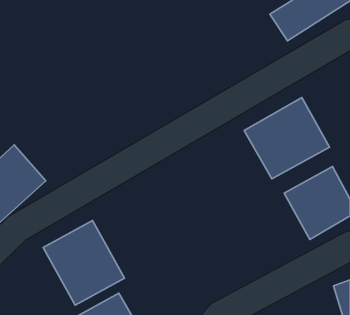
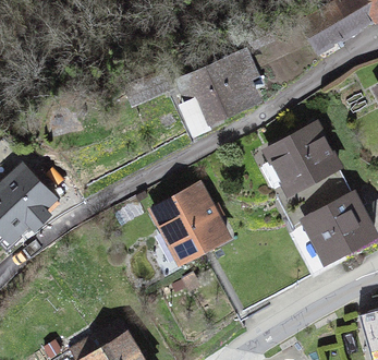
building: none -> [191,49,279,122]
building: [43,221,124,305] -> [149,181,235,271]

